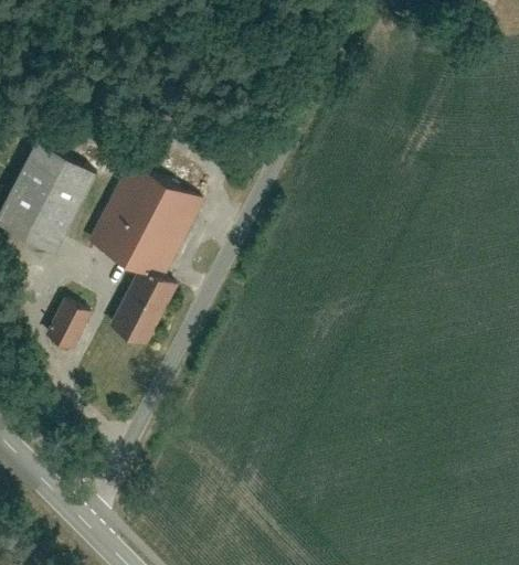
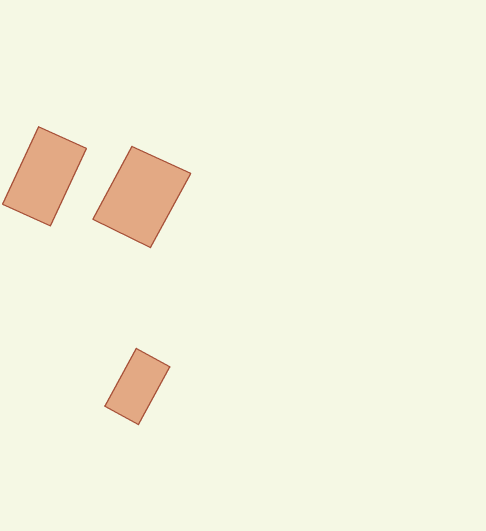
building: [106,270,172,348] -> [105,348,170,425]
building: [45,299,95,351] -> none

